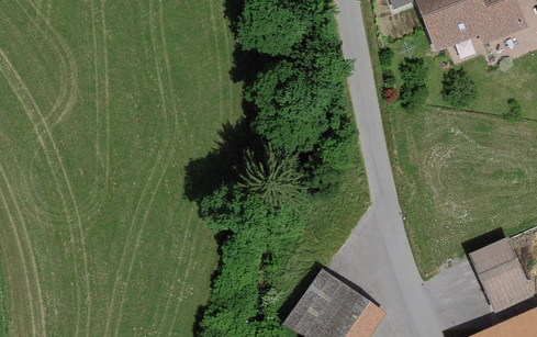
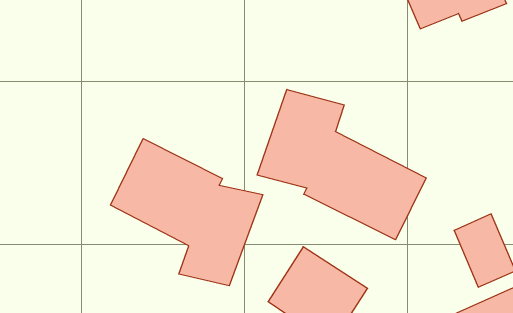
building: none -> [257,89,426,240]
building: none -> [110,139,263,286]

